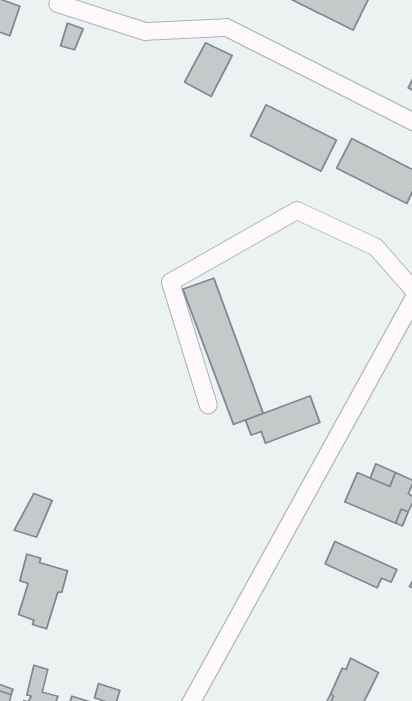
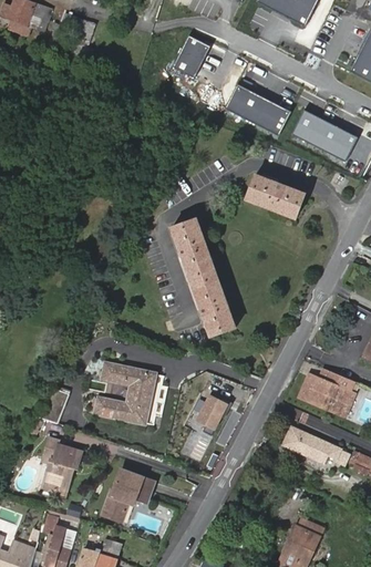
building: none -> [247,174,303,217]
building: [246,396,320,443] -> none
building: none -> [91,363,153,423]
building: none -> [196,393,227,433]
building: none -> [103,467,152,519]

